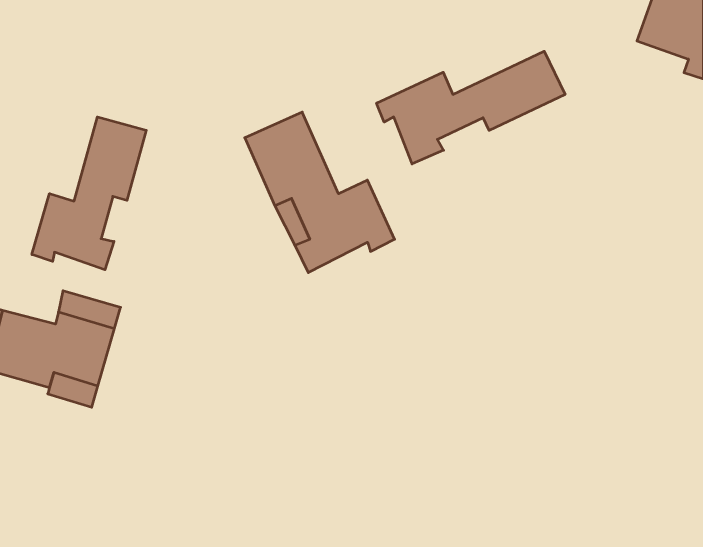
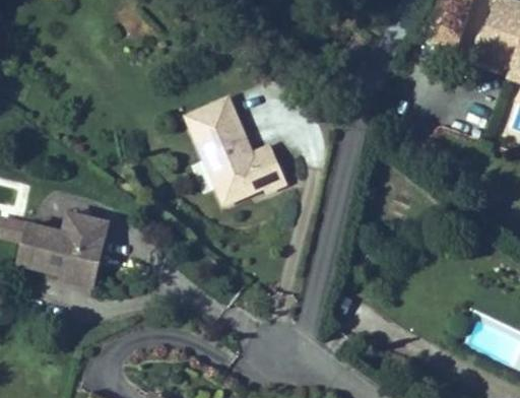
building: [377,51,565,164] -> none
building: [32,117,146,270] -> none

